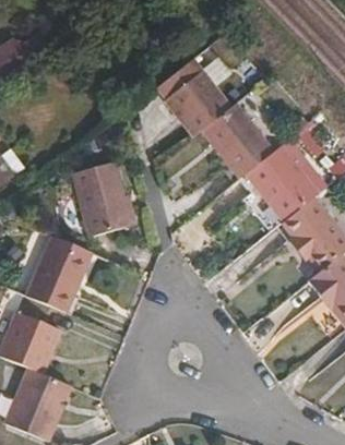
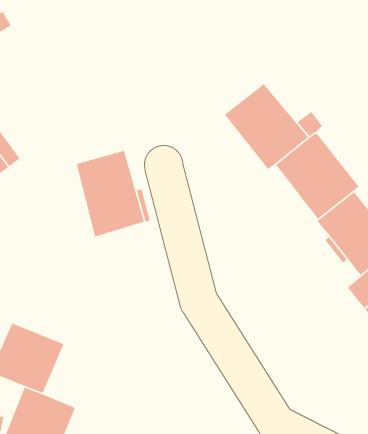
building: [164,70,231,137] -> none
building: [25,237,92,314] -> none

